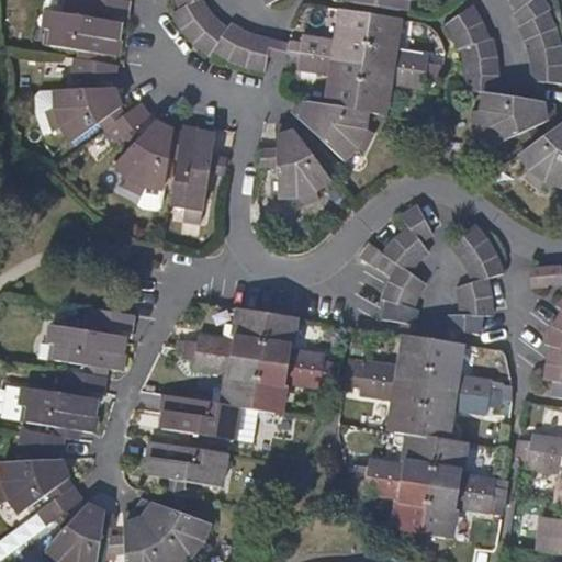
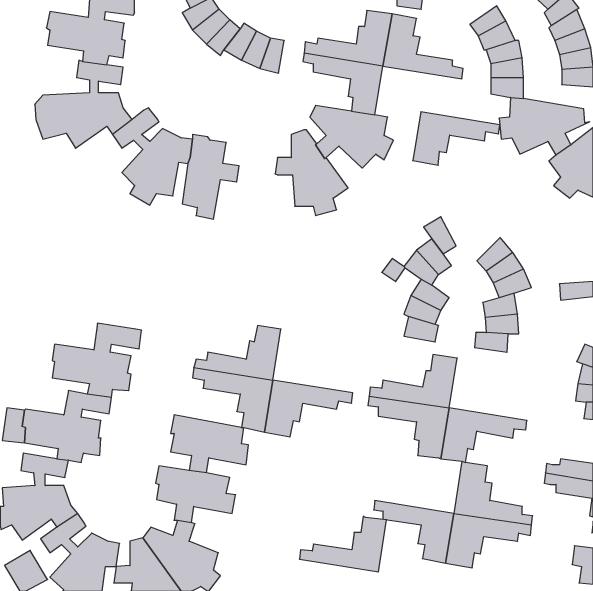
building: [355,63,437,113] -> [413,112,500,165]
building: [258,312,335,372] -> none
building: [425,339,501,398] -> none
building: [355,434,437,486] -> [299,516,387,572]

